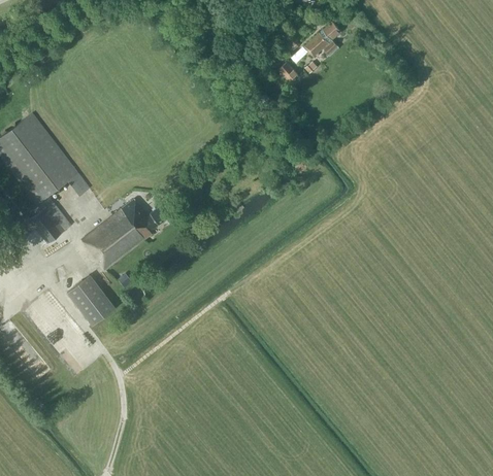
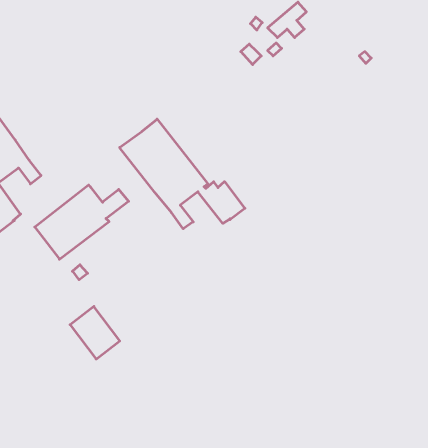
building: none -> [120,119,245,229]
building: [67,273,114,324] -> [70,306,120,359]

